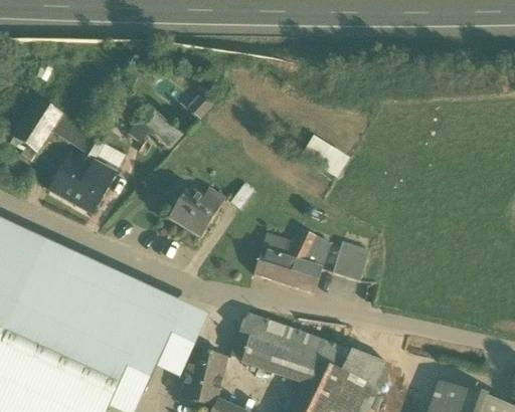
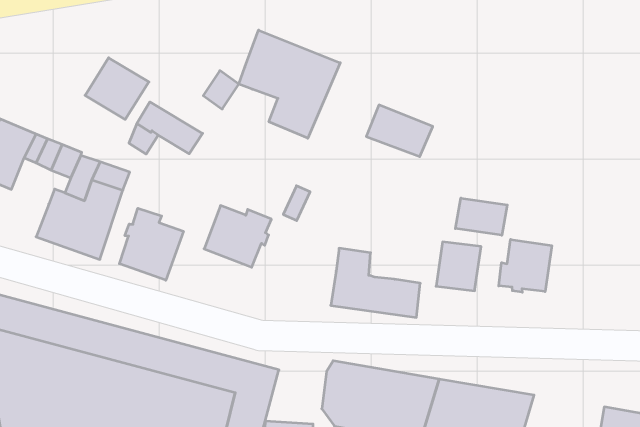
building: none -> [239,30,340,138]
building: none -> [85,58,149,119]
building: none -> [119,208,183,280]
building: none -> [455,198,507,235]
building: [289,229,329,262] -> none
building: none -> [499,239,552,292]

